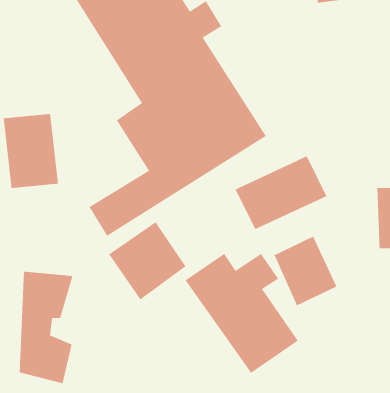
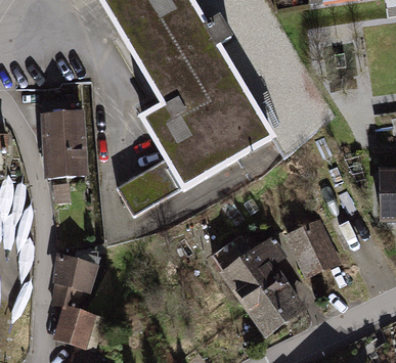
building: [235,155,328,230] -> none
building: [108,221,187,300] -> none

